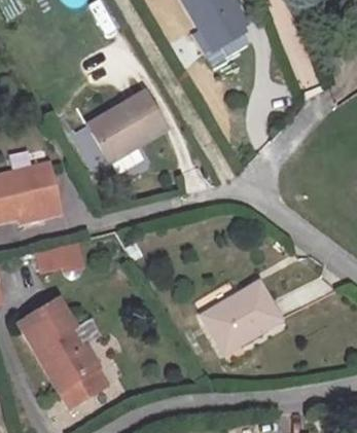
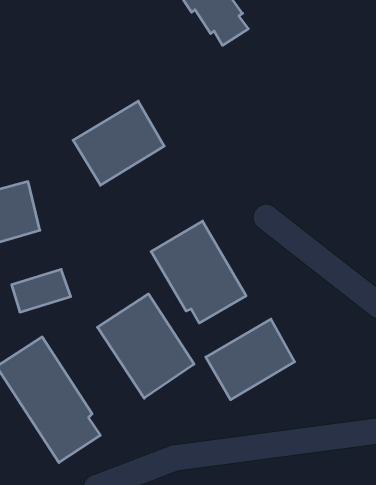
building: none -> [151,221,246,323]
building: none -> [97,294,194,398]

